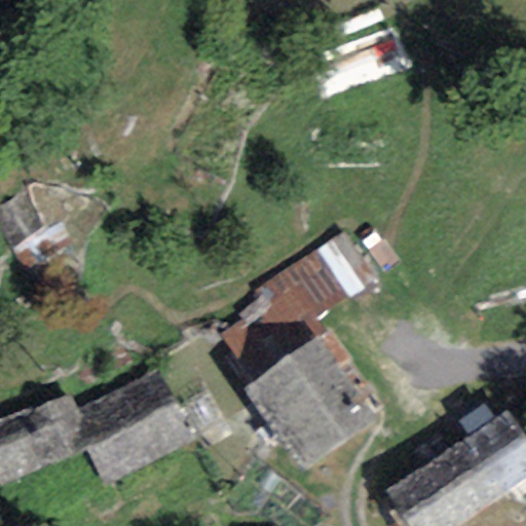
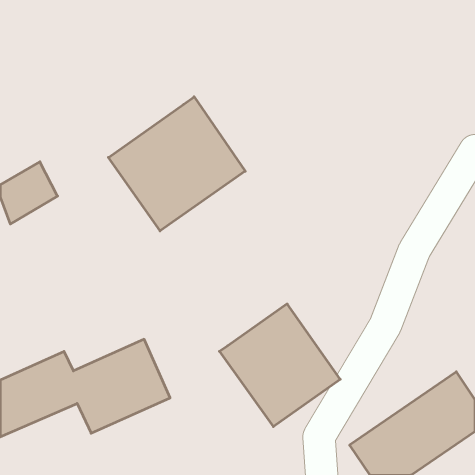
building: none -> [108,97,245,231]
building: [219,232,376,382] -> none

